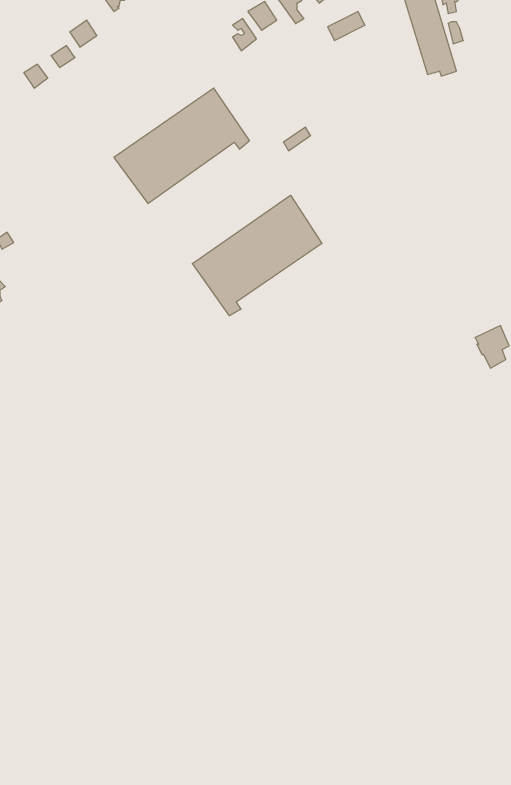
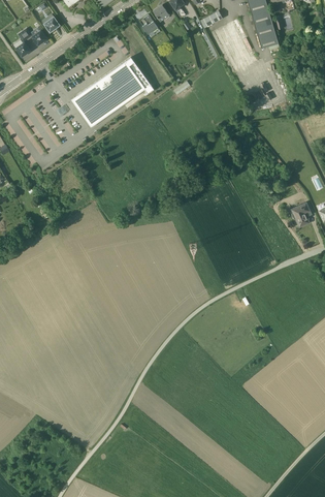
building: [192,195,322,316] -> none

